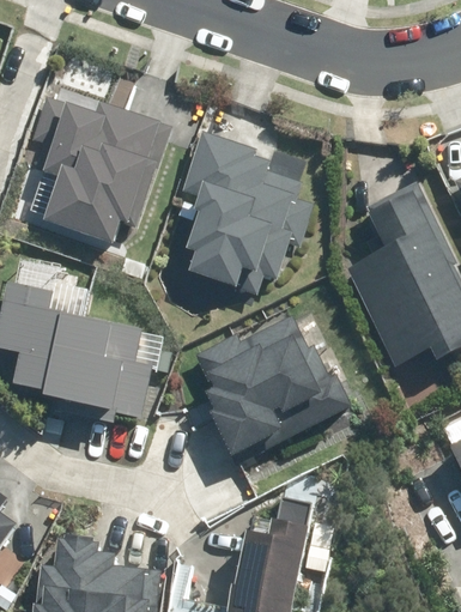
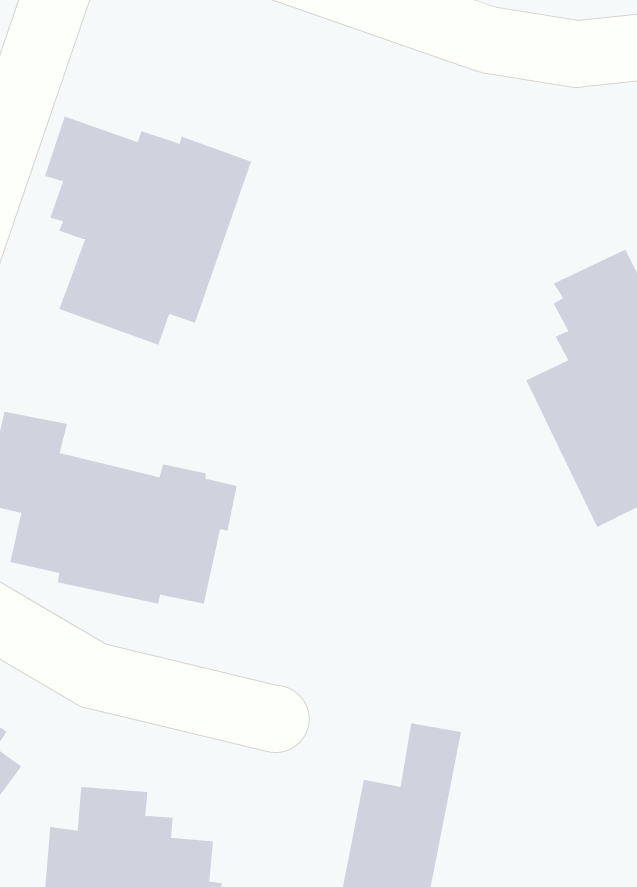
building: [183,133,315,287] -> none
building: [196,309,348,456] -> none

